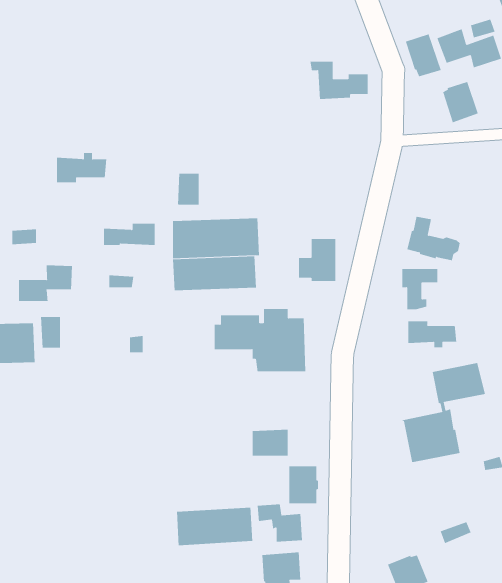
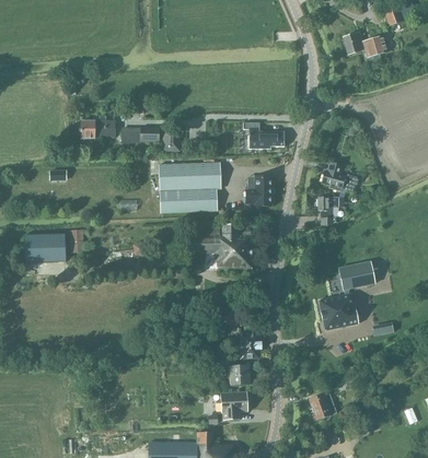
building: [405,33,442,77] -> none
building: [310,61,368,99] -> [243,122,284,149]
building: [442,81,478,123] -> none
building: [103,223,156,246] -> [122,127,158,142]
building: [19,265,73,302] -> none
building: [408,321,457,348] -> none
building: [177,507,253,546] -> none

